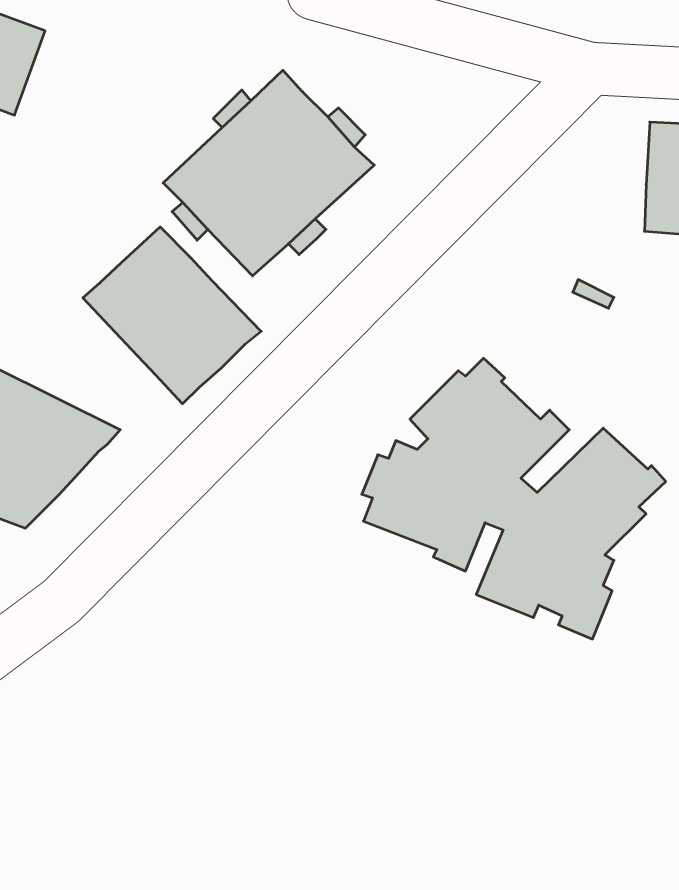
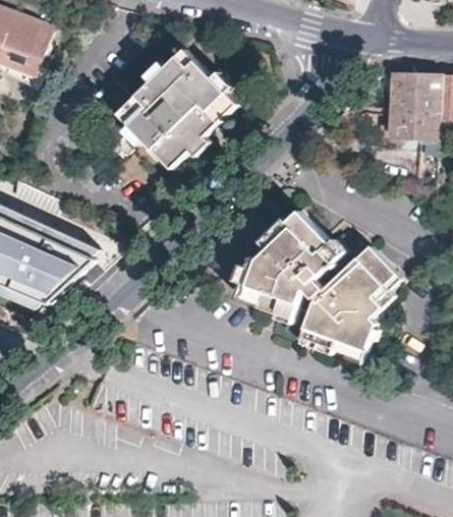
building: [83,227,261,404] -> none

